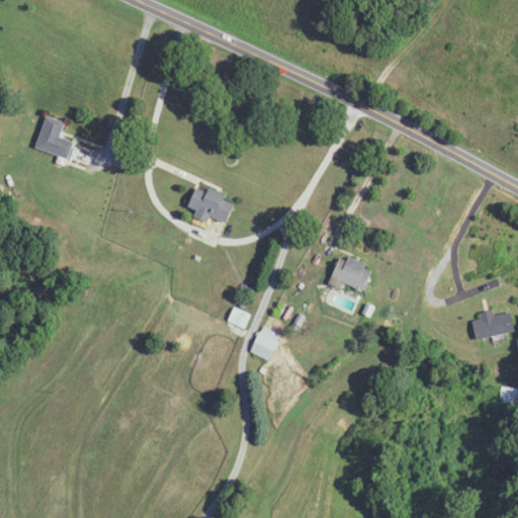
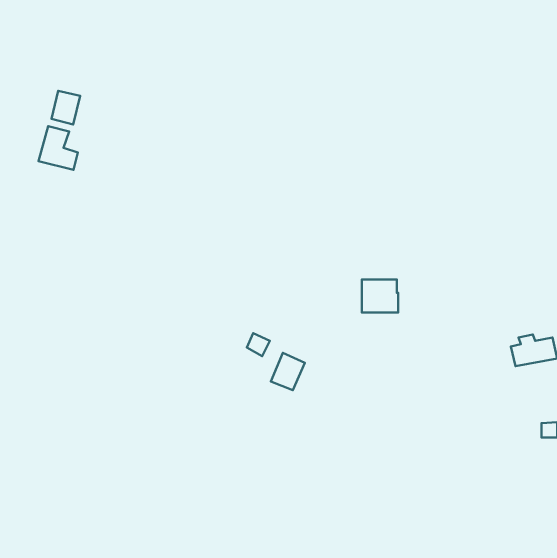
building: none -> [52,91,80,125]
building: [192,189,231,220] -> none

